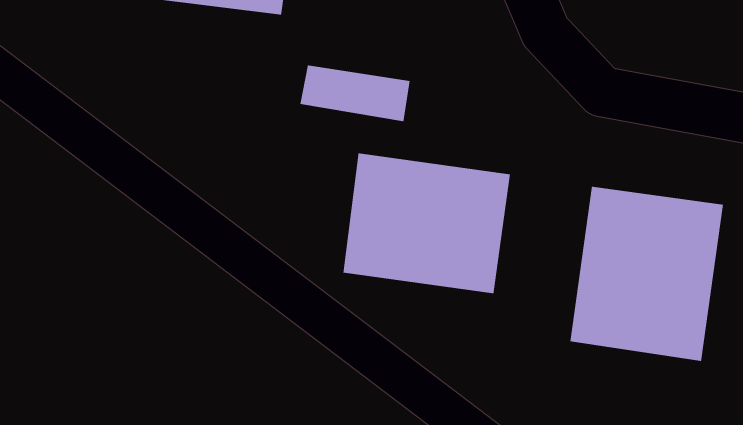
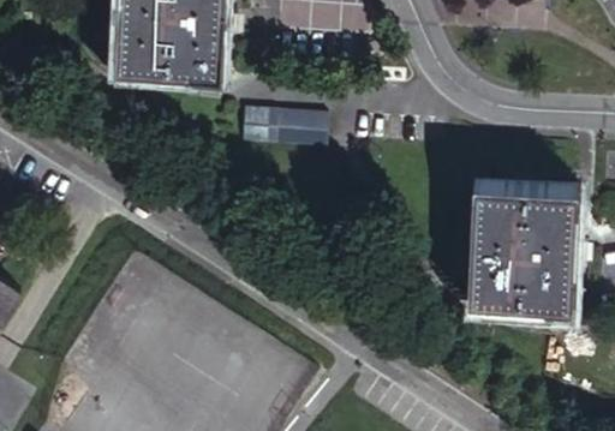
building: [343,153,511,294] -> none

